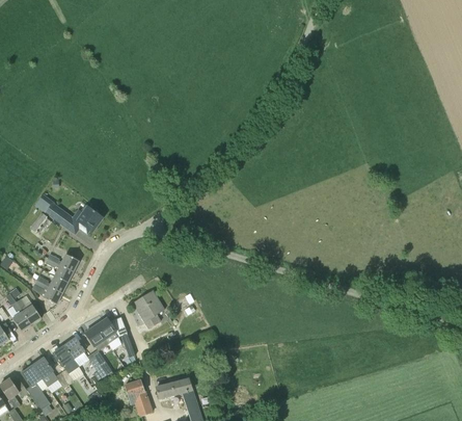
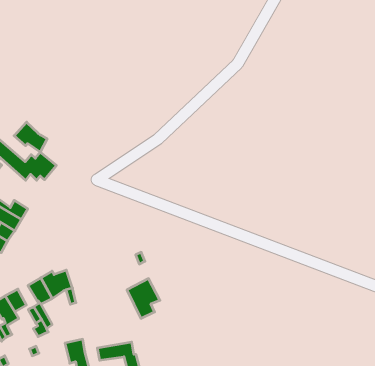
building: none -> [14,122,47,152]
building: [132,289,164,327] -> [127,279,160,318]

